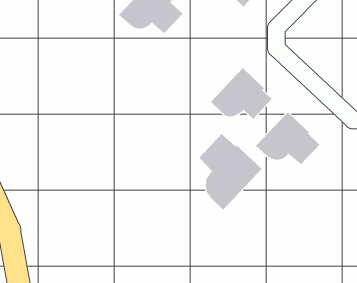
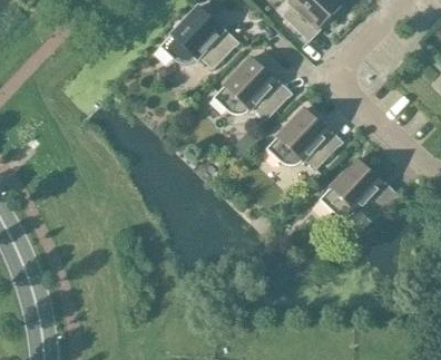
building: none -> [214,55,290,118]
building: [198,133,262,210] -> none

